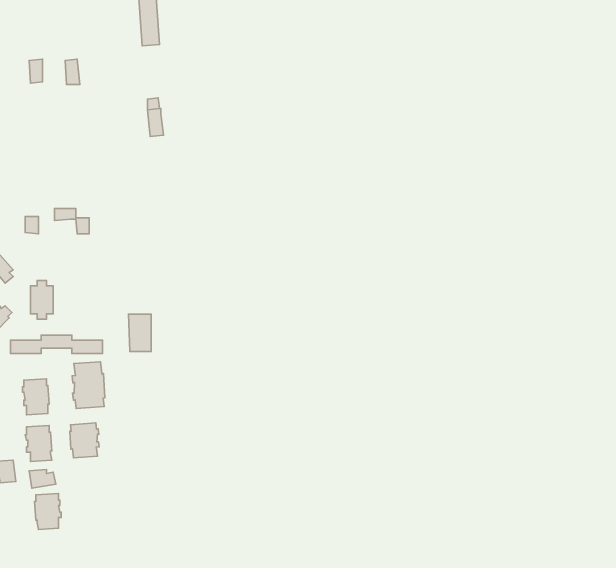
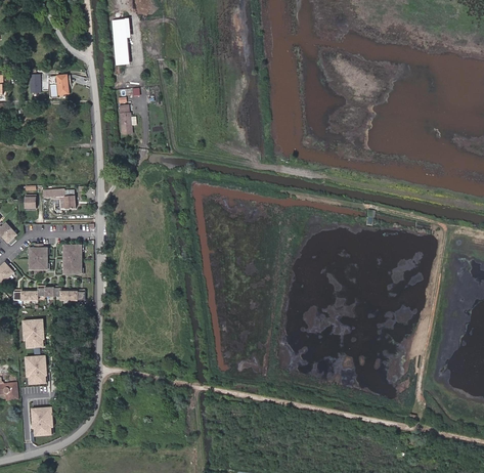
building: [129,314,151,352] -> [62,245,80,273]
building: [72,362,105,409] -> none
building: [70,423,99,458] -> none

